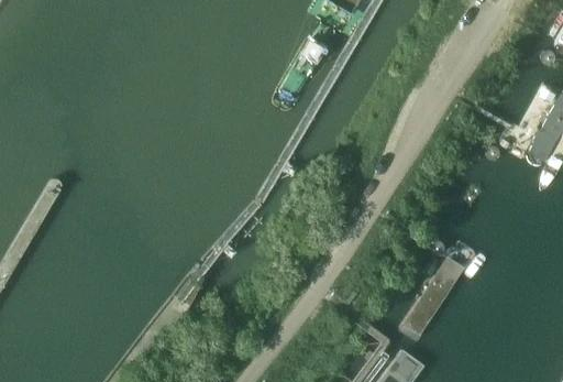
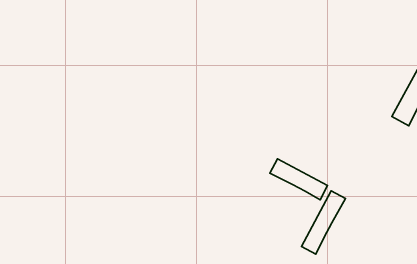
building: none -> [270,159,328,200]

